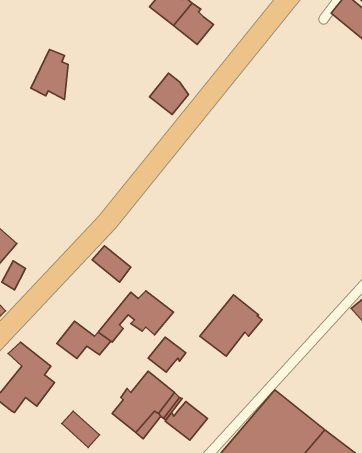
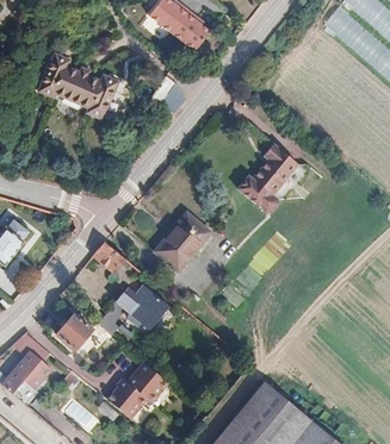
building: none -> [67,68,114,120]
building: none -> [229,143,289,211]
building: [200,295,262,356] -> [155,211,215,269]
building: [148,337,186,372] -> none
building: [165,401,208,440] -> none

